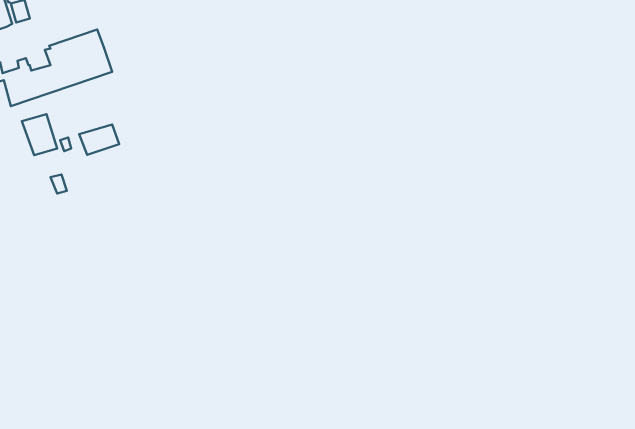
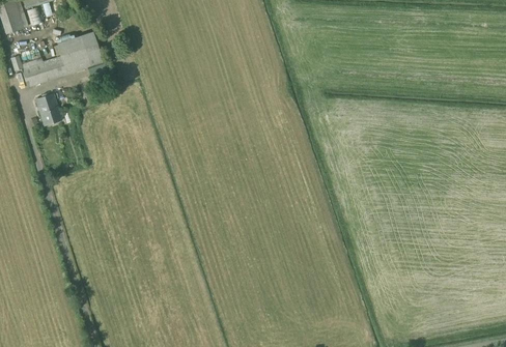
building: [79,125,119,155] -> none

